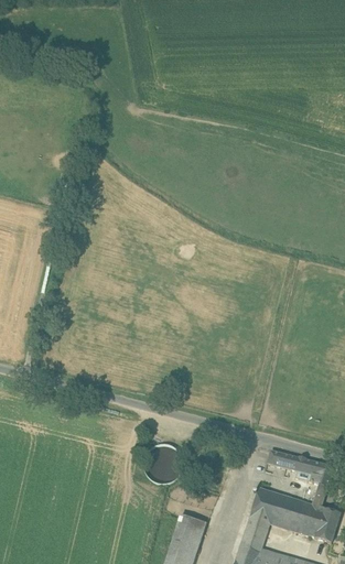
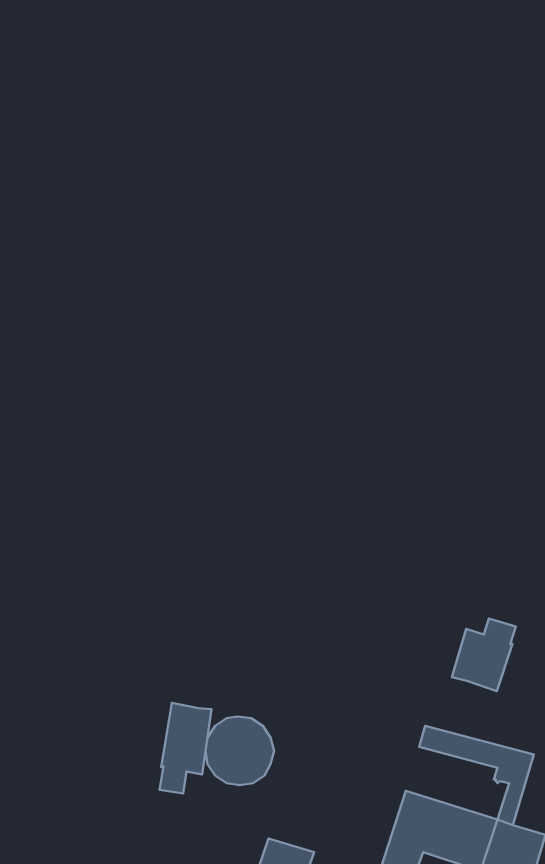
building: none -> [452,619,516,691]
building: none -> [159,703,211,793]

